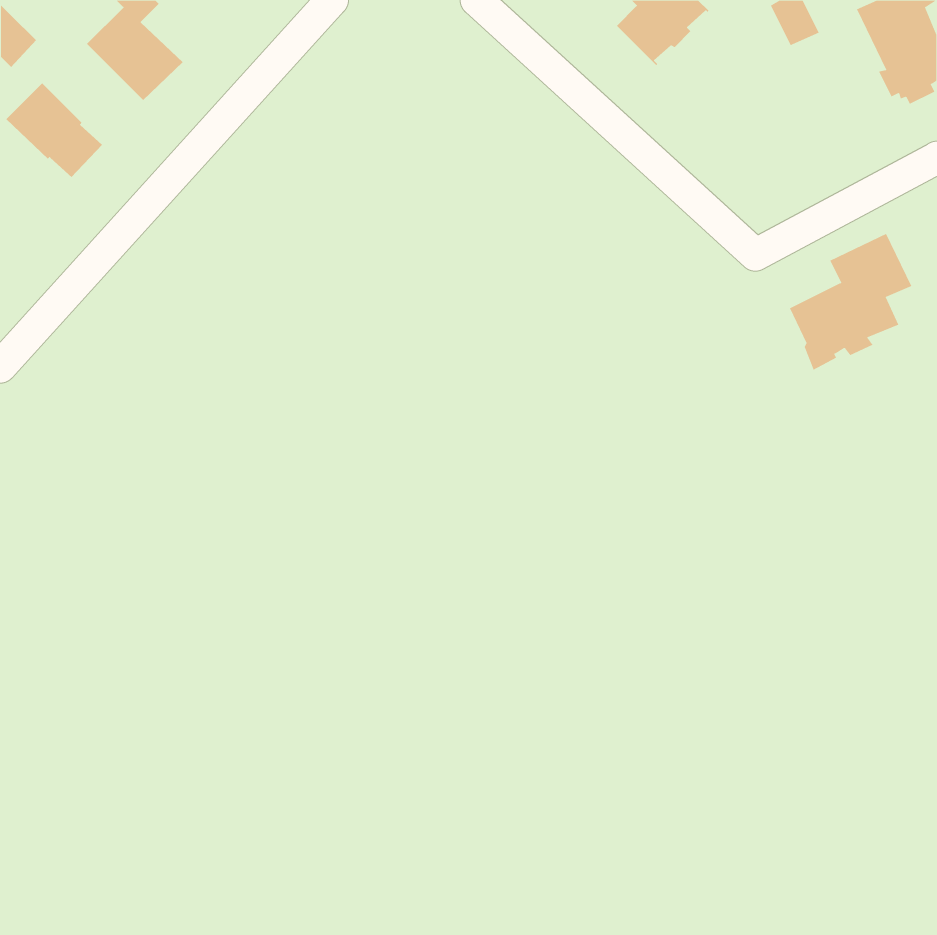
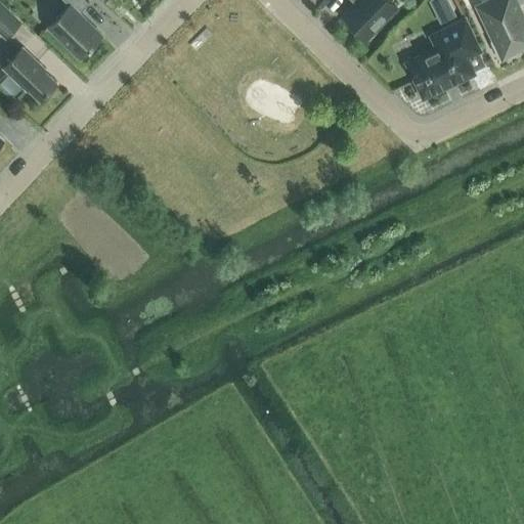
building: [789,233,912,371] -> [409,21,478,98]

